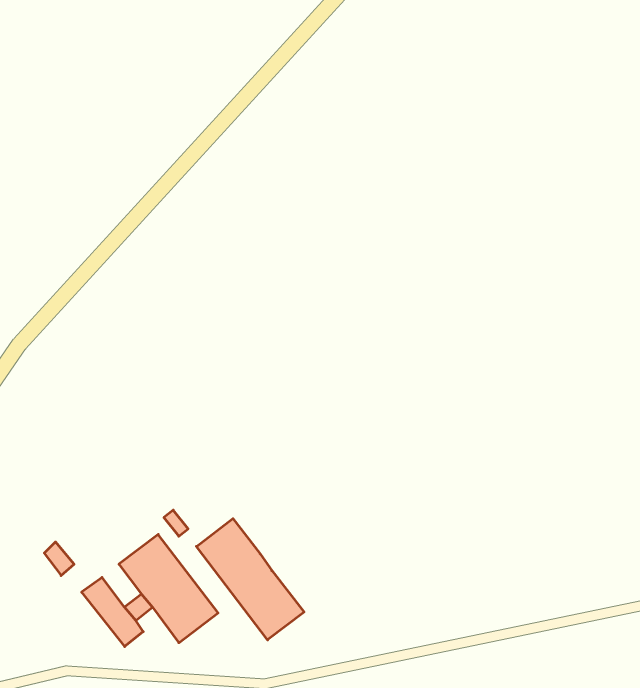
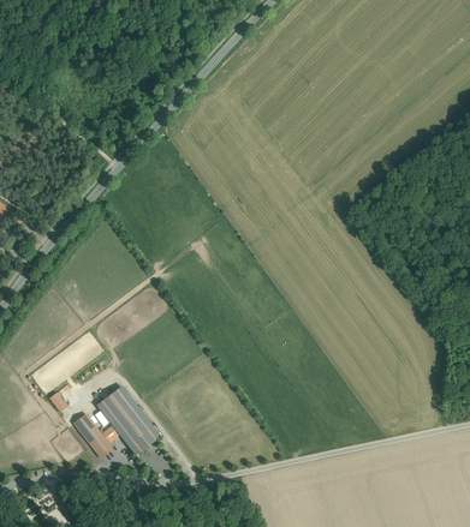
building: [196,519,304,640] -> none

